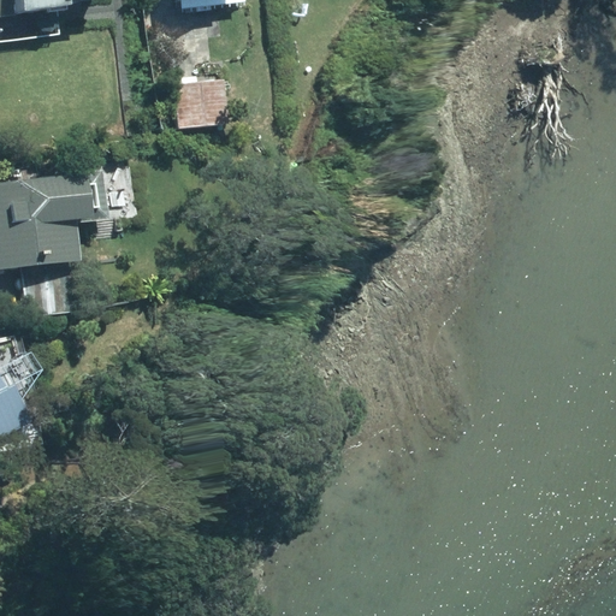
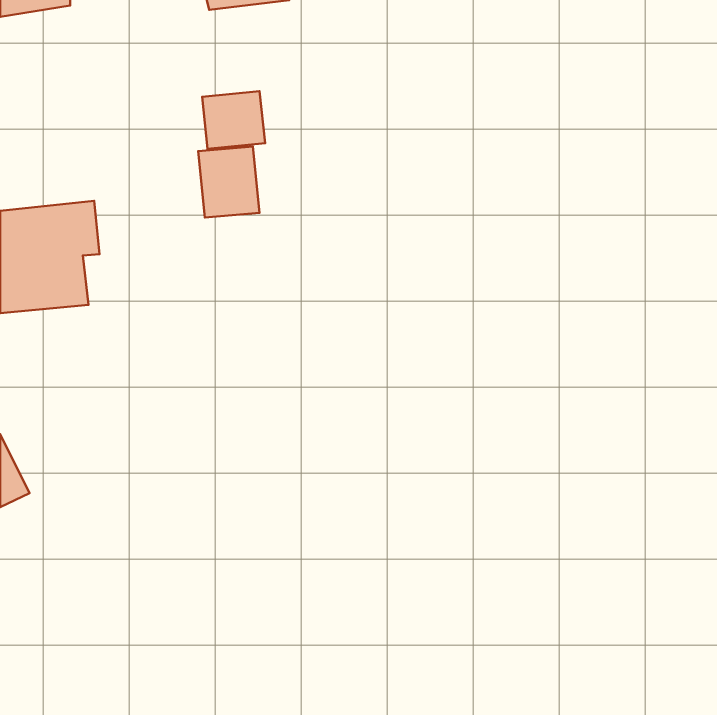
building: none -> [198,146,259,217]

